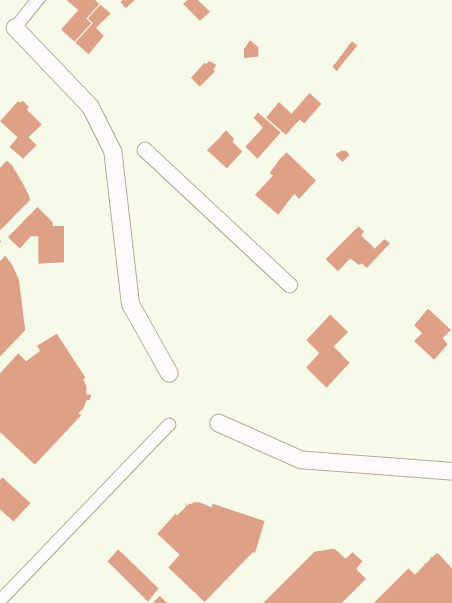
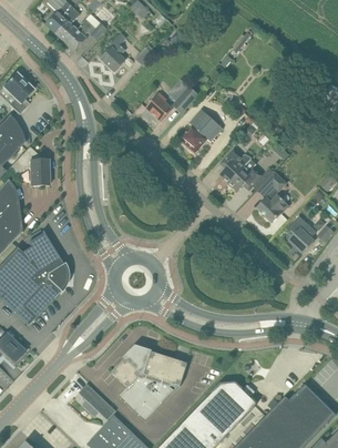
building: none -> [65,14,107,51]
building: none -> [102,33,126,71]
building: [265,92,322,136] -> none
building: none -> [219,149,252,183]
building: [306,315,350,388] -> [257,172,288,223]

